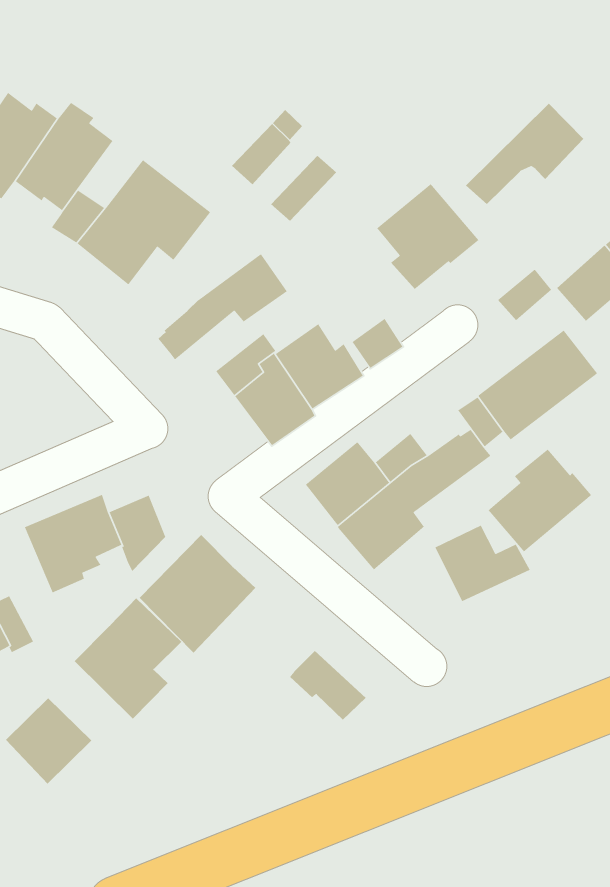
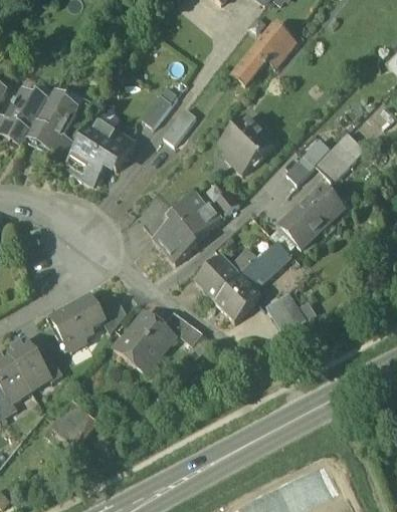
building: [465,103,584,205] -> [233,26,292,82]
building: [157,254,288,361] -> none
building: [487,448,592,552] -> none
building: [74,598,182,719] -> none
building: [289,650,366,721] -> [162,310,203,345]

